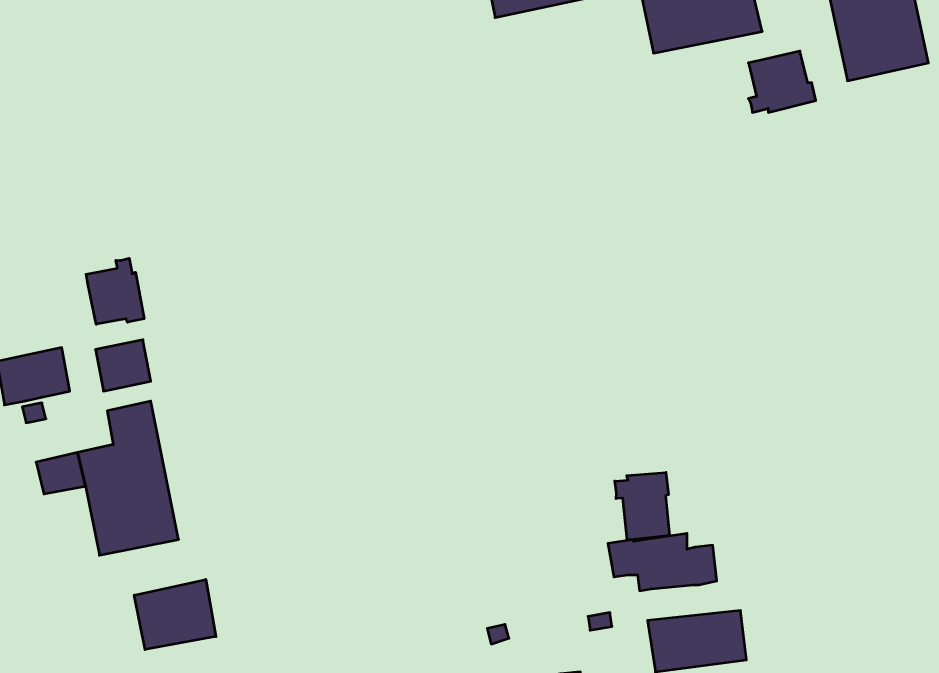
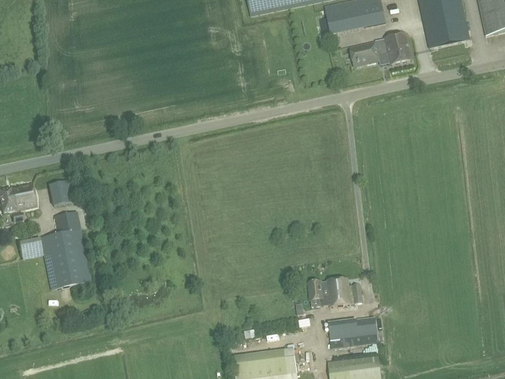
building: none -> [351,39,383,65]
building: [86,258,144,324] -> none
building: [615,472,669,540] -> none
building: [134,579,216,650] -> none

